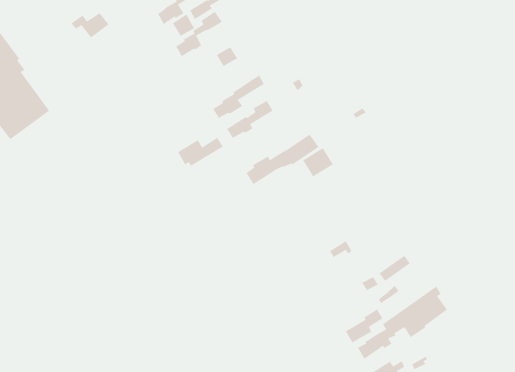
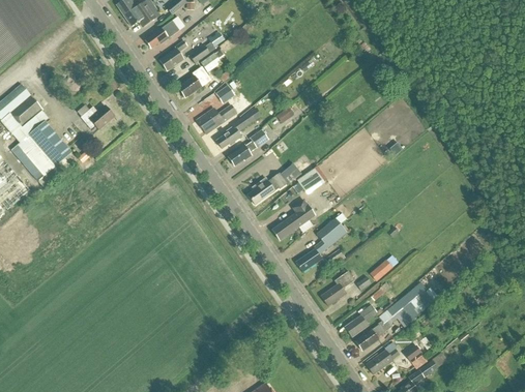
building: [71,12,110,39] -> [80,105,114,129]
building: [177,137,224,167] -> [196,104,236,132]
building: none -> [271,202,316,241]
building: none -> [295,218,346,272]
building: none -> [321,271,354,306]

